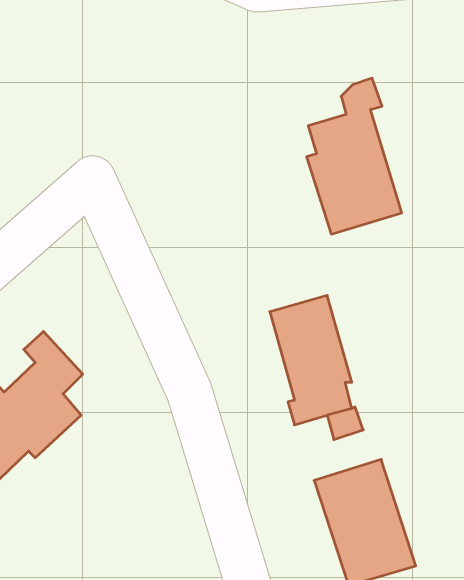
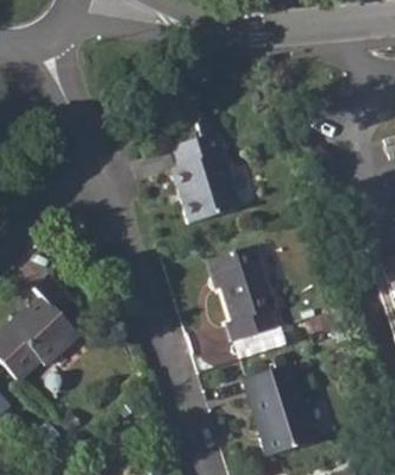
building: [307,78,402,234] -> [174,117,243,230]

